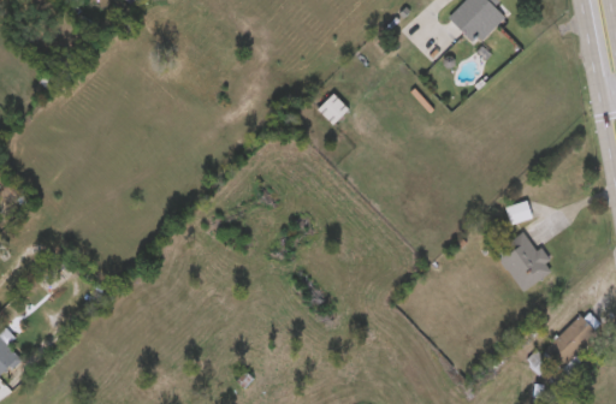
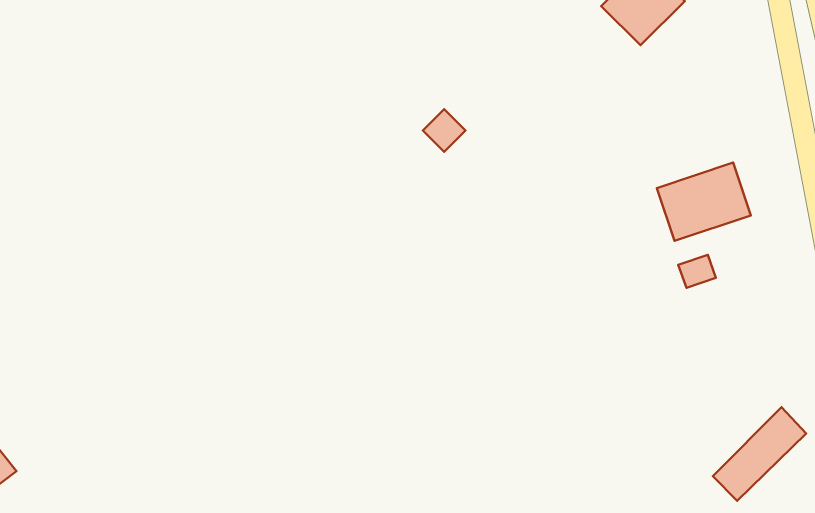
building: none -> [657,163,751,241]
building: [496,230,553,291] -> none

